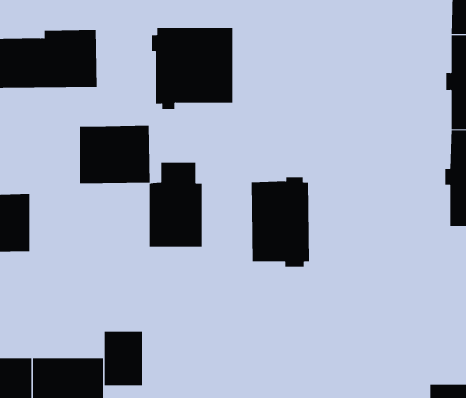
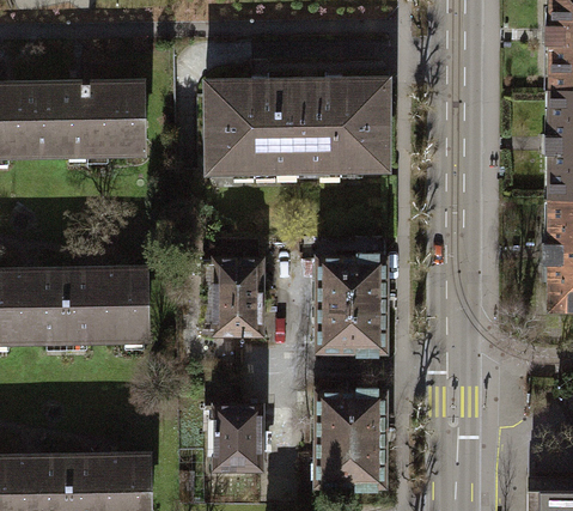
building: none -> [299,81,385,172]
building: [79,125,151,184] -> [68,269,150,336]
building: none -> [318,385,386,488]
building: [104,331,143,386] -> [218,404,262,467]

